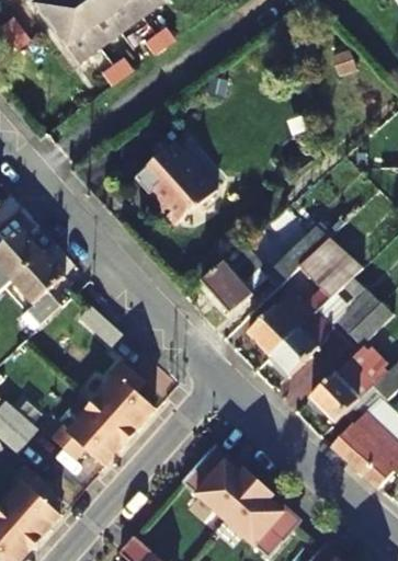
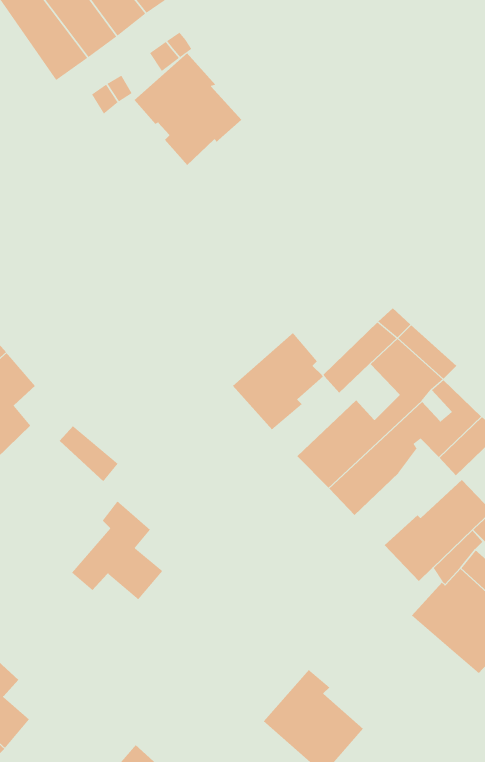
building: [139,141,217,222] -> [133,53,242,166]
building: [50,412,135,466] -> none
building: [181,448,257,518] -> none

